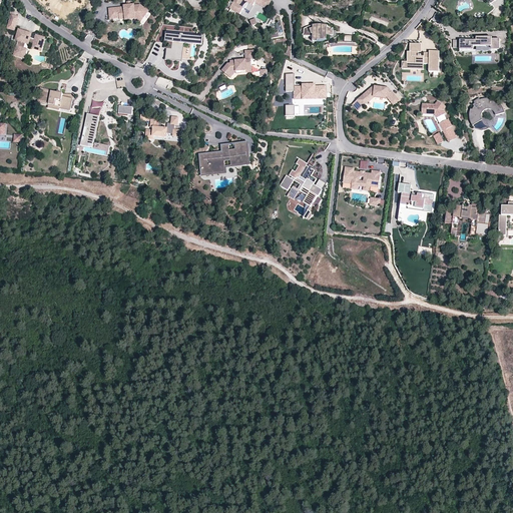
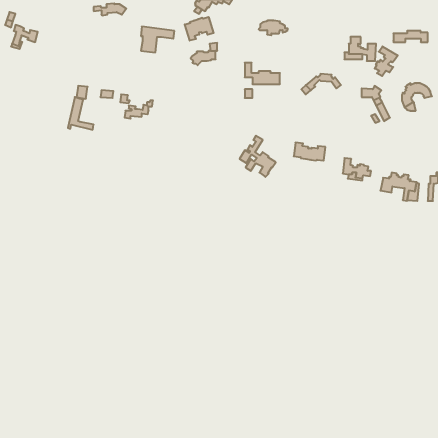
building: none -> [185,17,214,41]
building: none -> [375,46,398,76]
building: [38,88,72,107] -> none
building: [199,142,247,167] -> none

